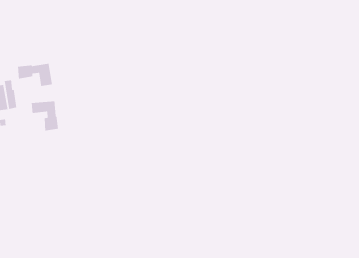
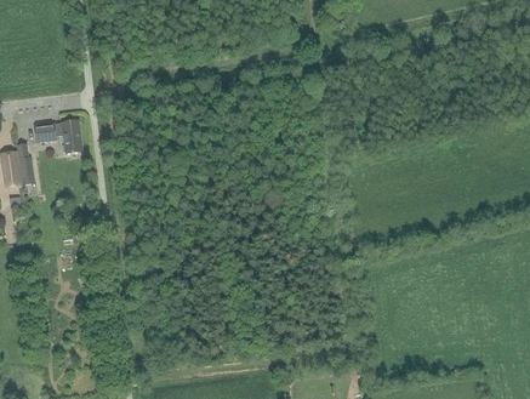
building: [31,100,59,131] -> none

